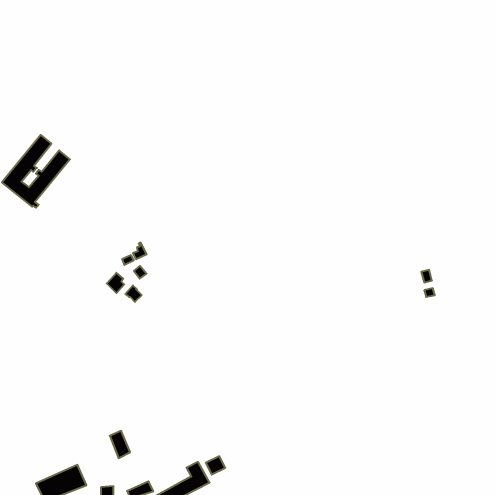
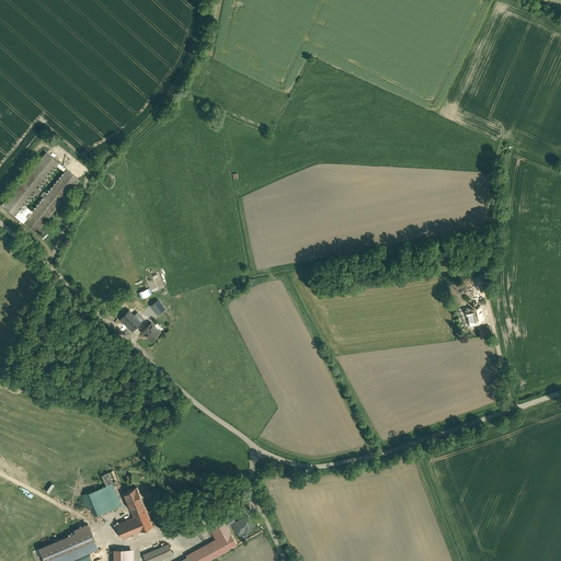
building: none -> [82,485,117,517]
building: none -> [116,512,153,540]

